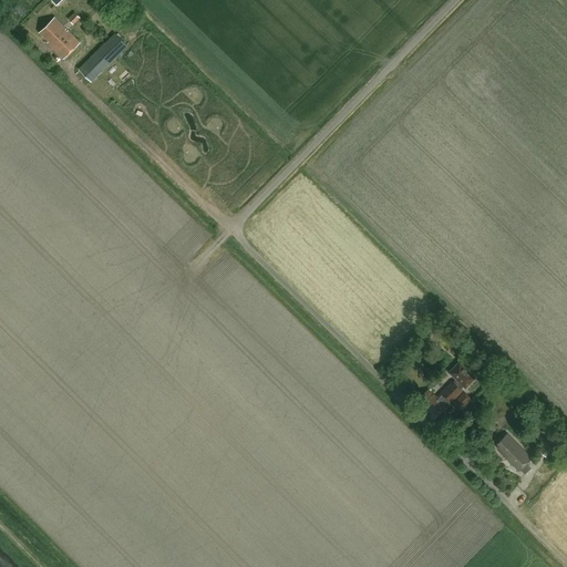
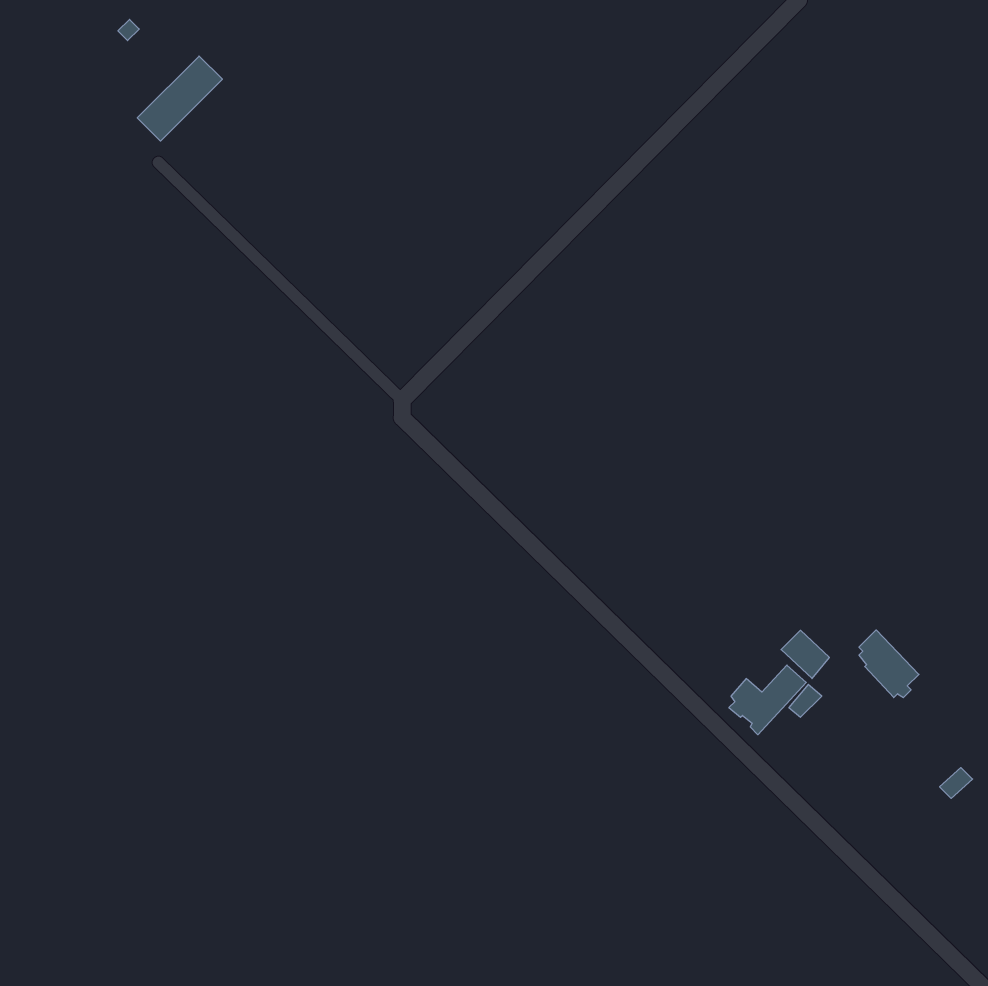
building: [42,19,79,59] -> none
building: [497,434,532,473] -> [859,630,919,698]

